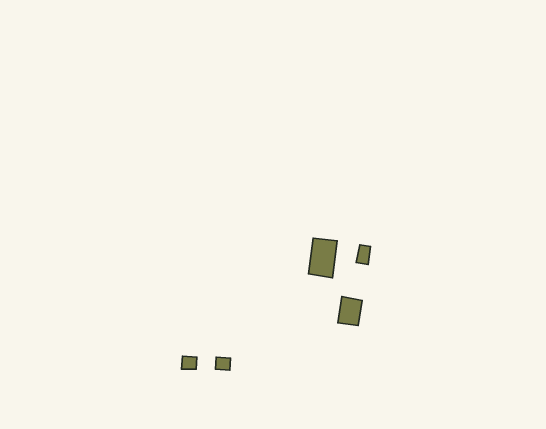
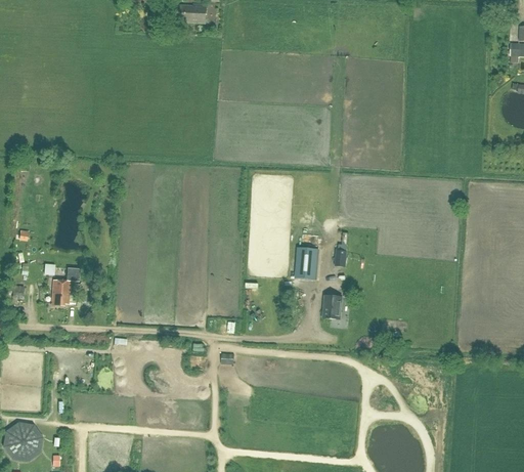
building: none -> [52,266,80,304]

